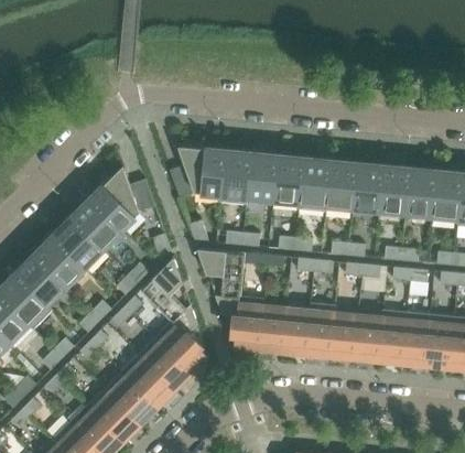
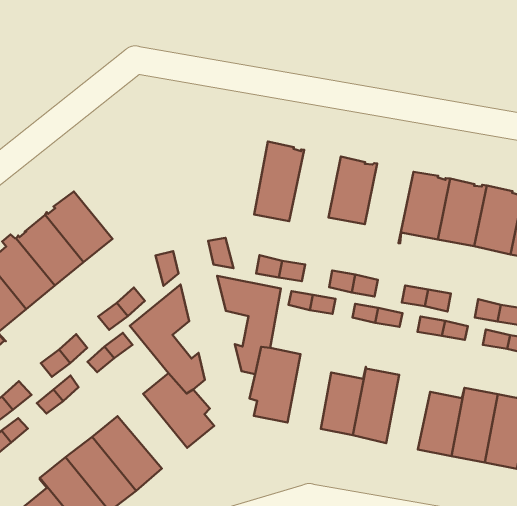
building: [179,145,225,202] -> none
building: [246,152,278,204] -> none
building: [299,157,331,212] -> none
building: [90,165,140,229] -> none
building: [259,298,286,349] -> none
building: [331,305,358,357] -> none
building: [138,337,190,389] -> none

